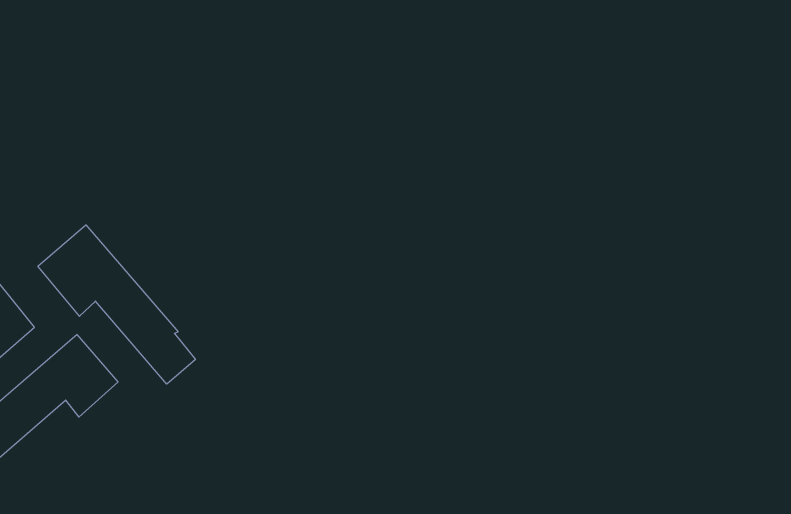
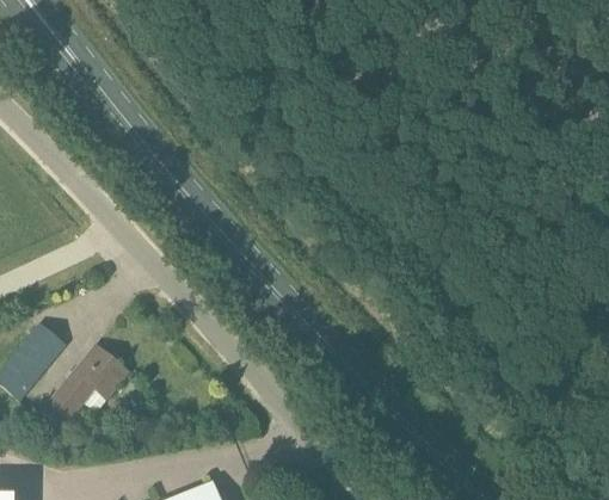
building: [38,225,195,384] -> none

